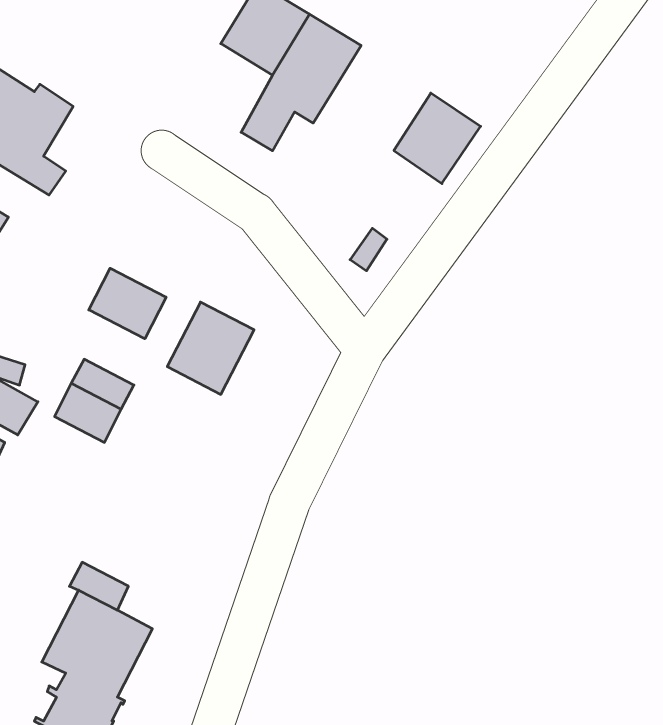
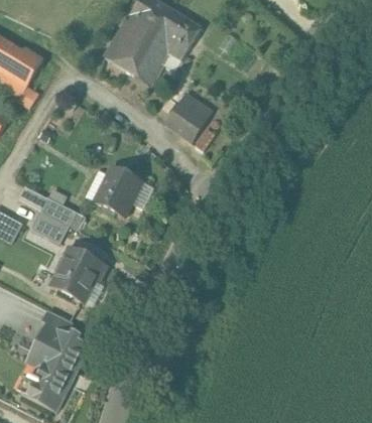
building: none -> [105,25,152,74]
building: [394,93,481,184] -> [165,91,213,140]
building: [89,268,166,339] -> none
building: none -> [51,247,108,301]

